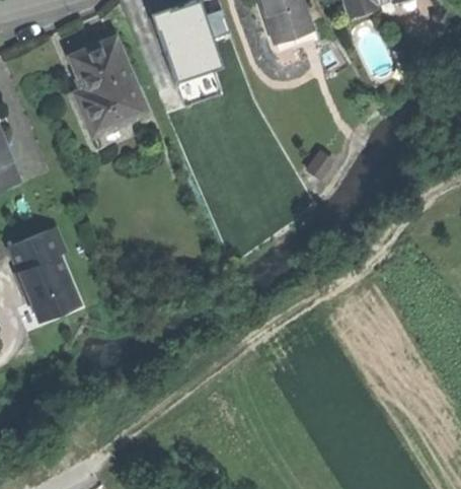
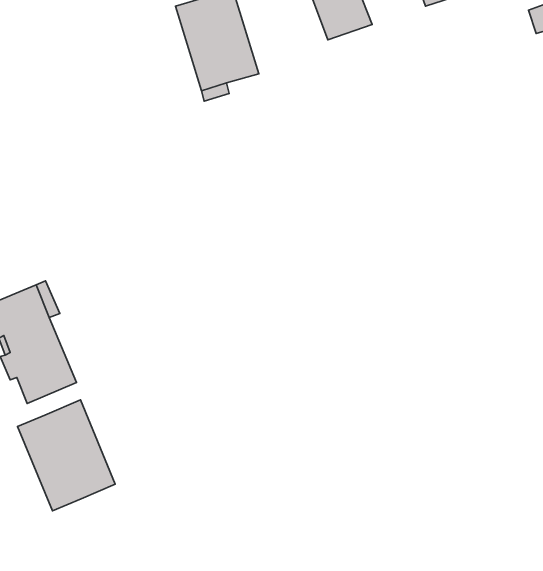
building: [70,38,147,134] -> none
building: none -> [18,400,115,511]

